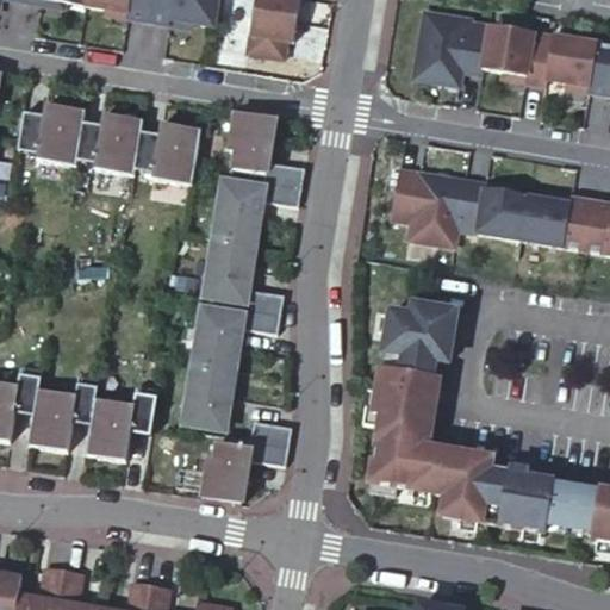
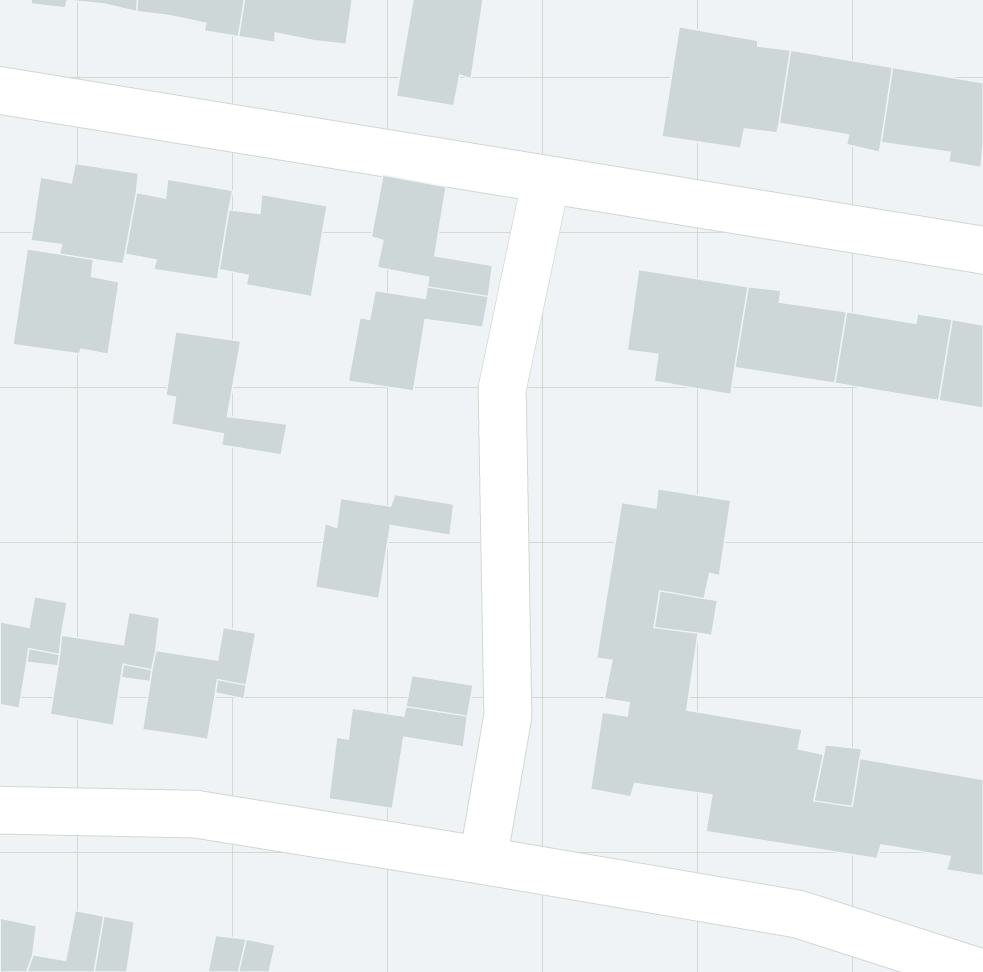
building: none -> [13,249,119,354]
building: [210,236,285,312] -> [166,332,287,455]
building: [188,363,235,425] -> none

